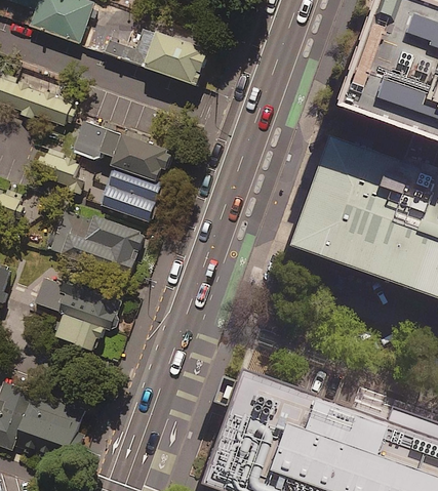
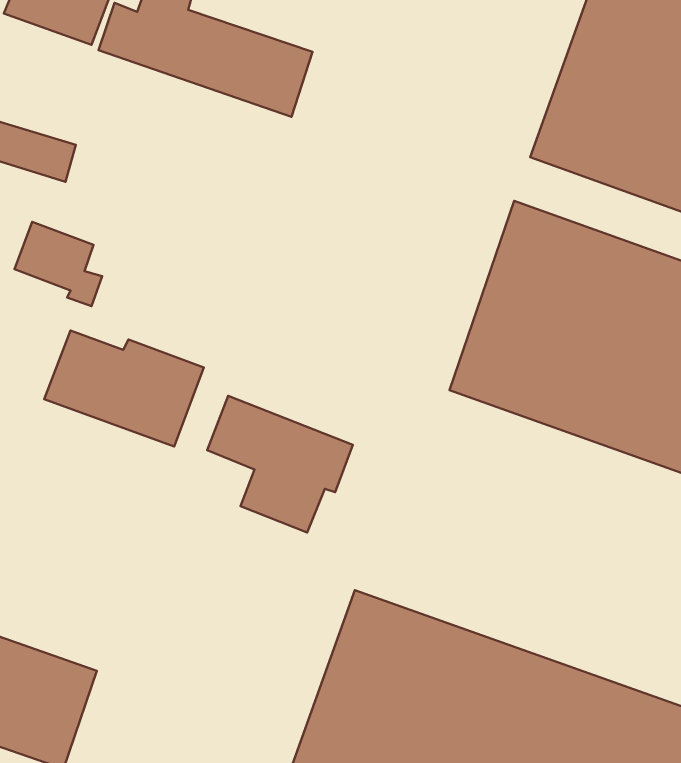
building: [74,121,172,181] -> none
building: [104,169,163,221] -> none
building: [38,271,123,351] -> [207,396,353,533]

